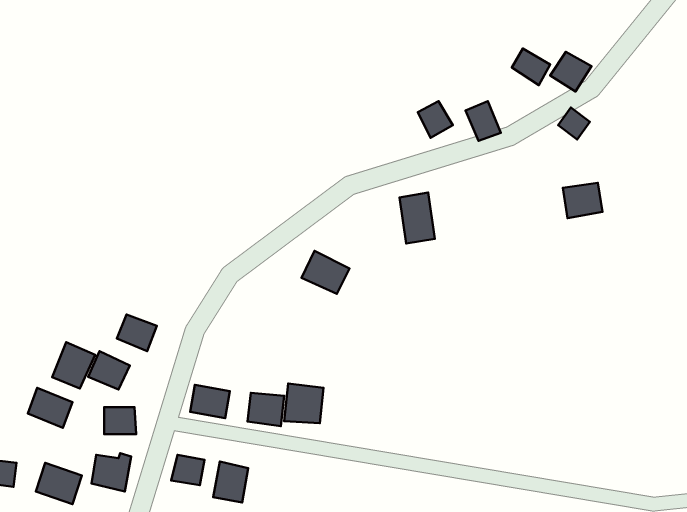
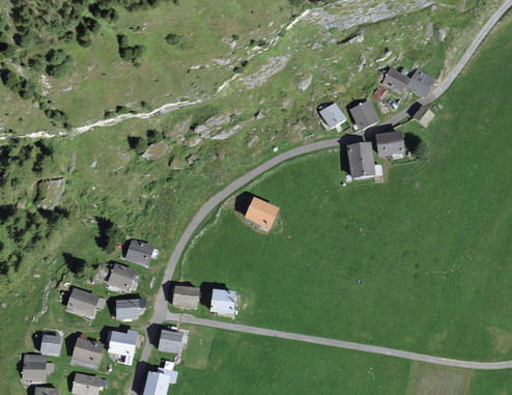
building: [563,183,603,218] -> [375,133,401,156]
building: [400,193,435,244] -> [348,143,371,176]
building: [52,342,95,388] -> none
building: [284,384,323,423] -> none
building: [213,461,248,502] -> none

